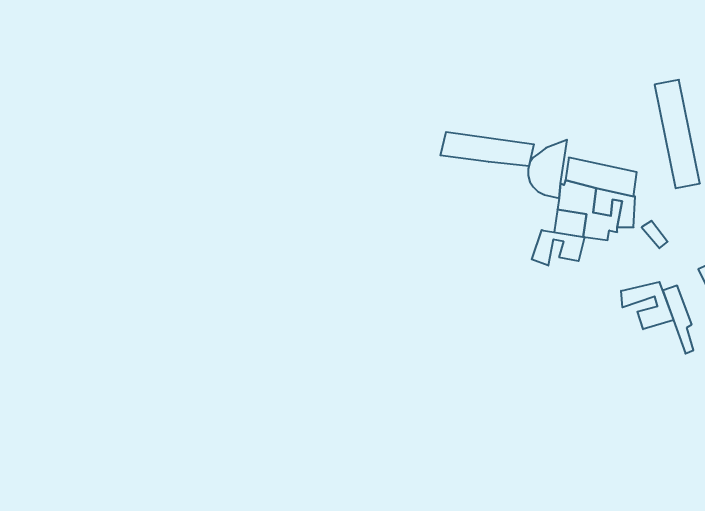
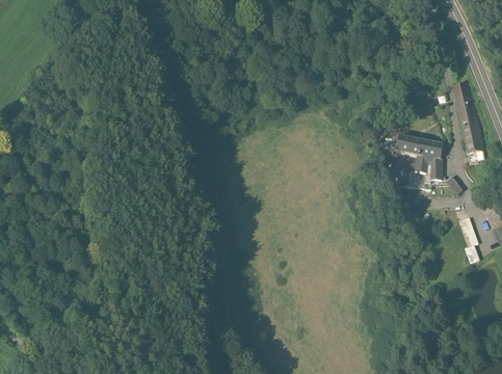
building: [440,132,534,166] -> none
building: [532,230,585,266] -> none
building: [621,282,673,329] -> none

